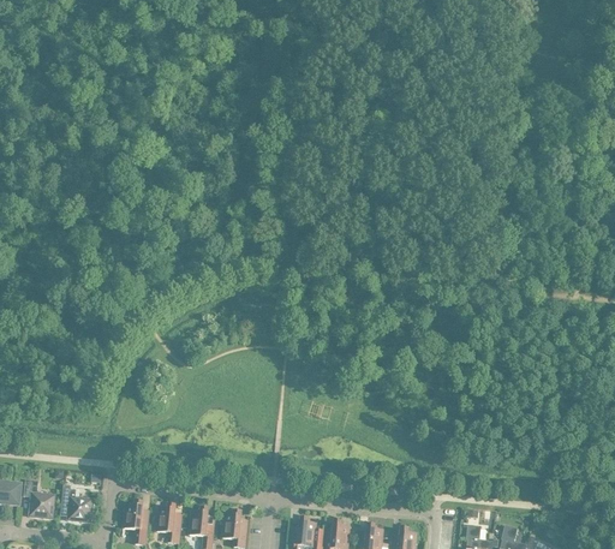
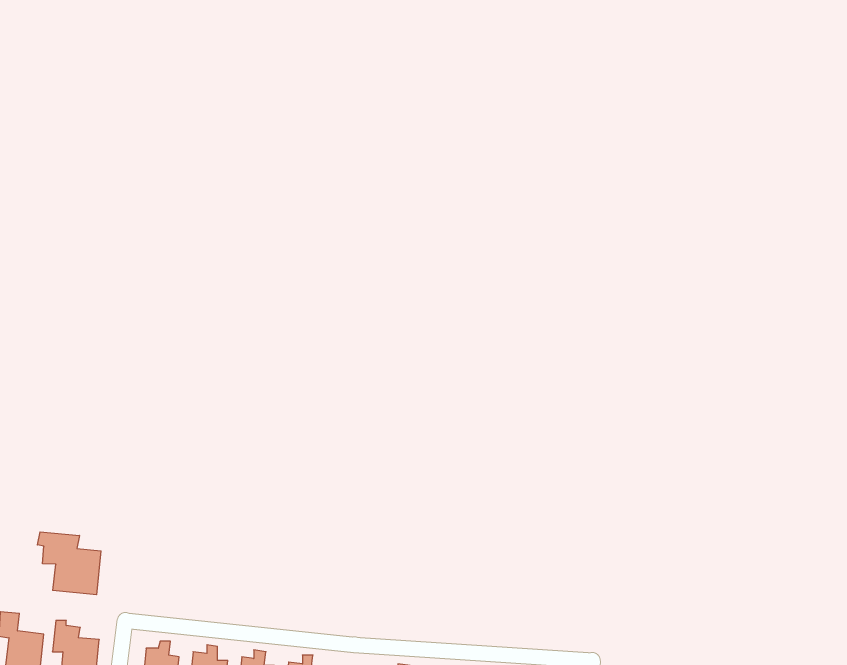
building: none -> [37,532,101,595]

